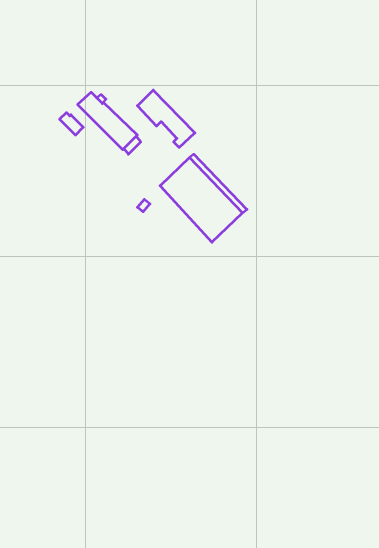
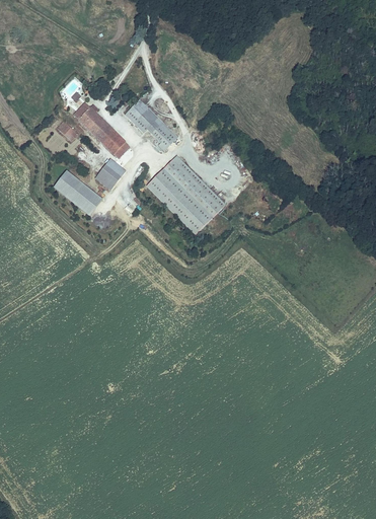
building: none -> [94,158,125,190]
building: none -> [53,169,101,214]

